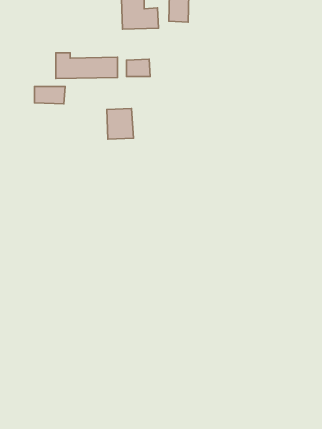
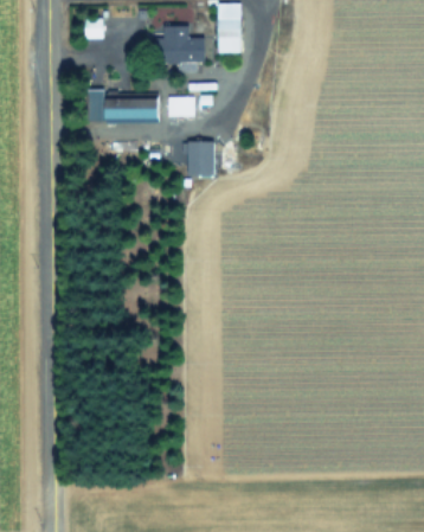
building: [34,87,65,104] -> none
building: [107,108,134,139] -> [185,141,216,177]

